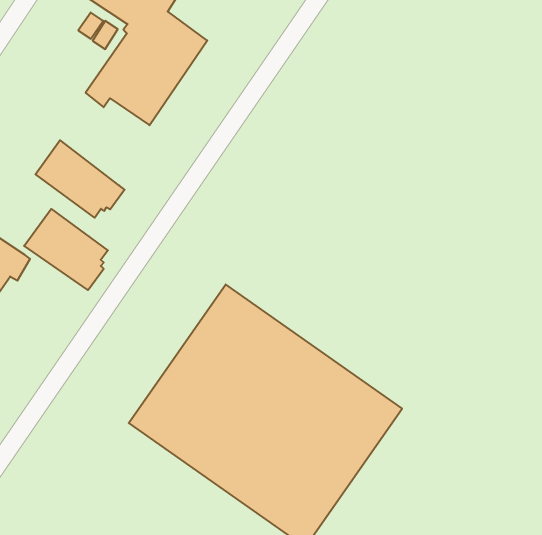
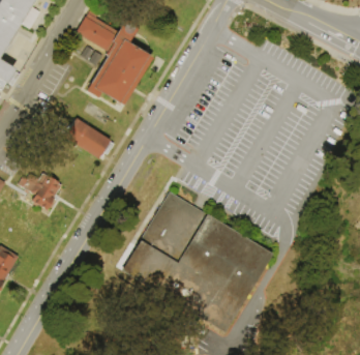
building: [24,209,108,290] -> none

